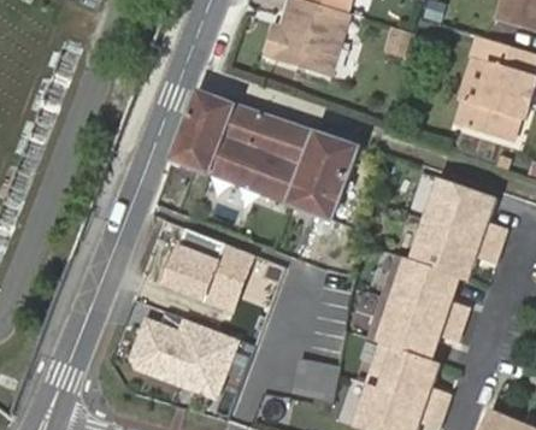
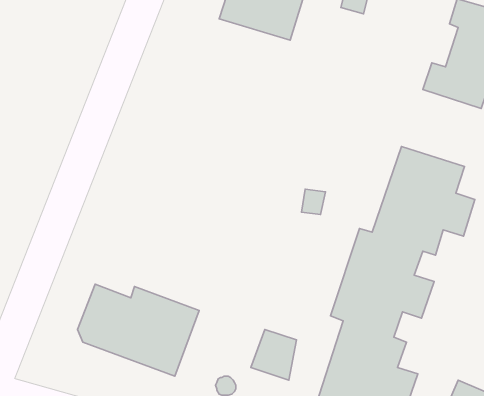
building: [172,93,354,218] -> none
building: [159,223,255,310] -> none

